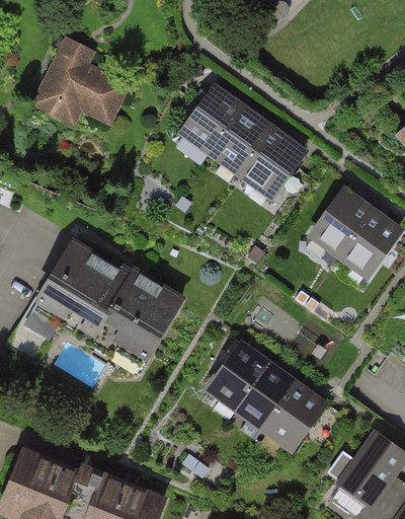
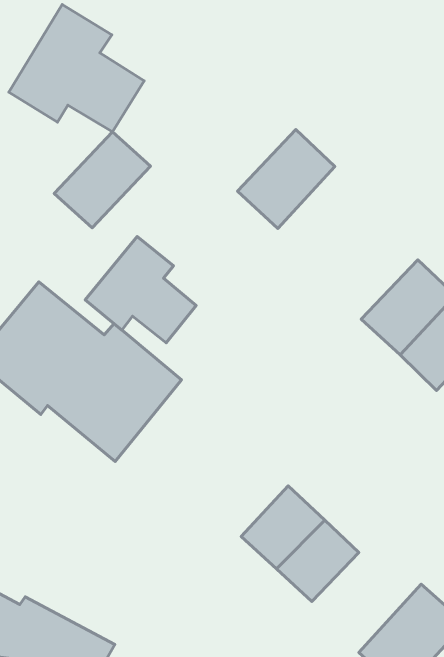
building: [177,85,244,156] -> [54,132,150,228]
building: [240,130,307,202] -> none
building: none -> [85,237,196,343]
building: [211,342,270,404] -> none

